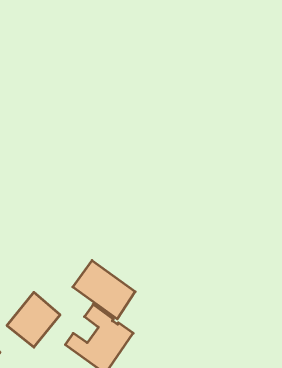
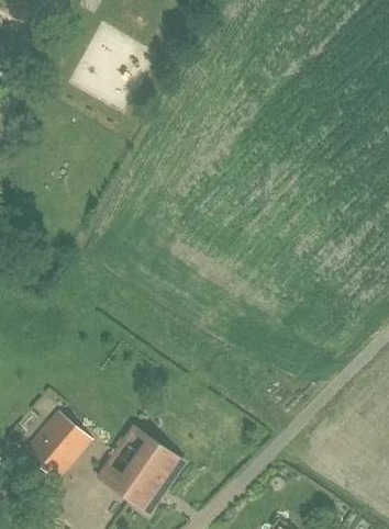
building: [73,260,135,319] -> none

